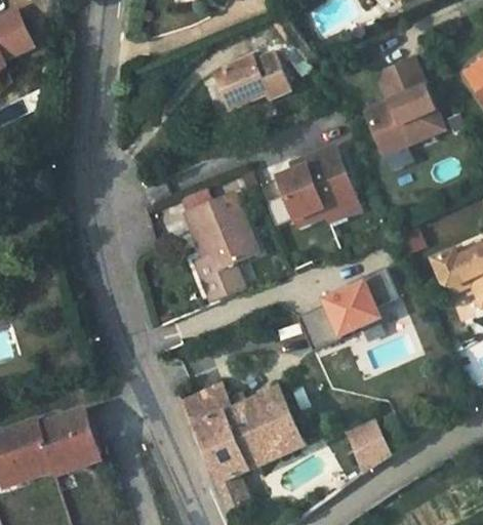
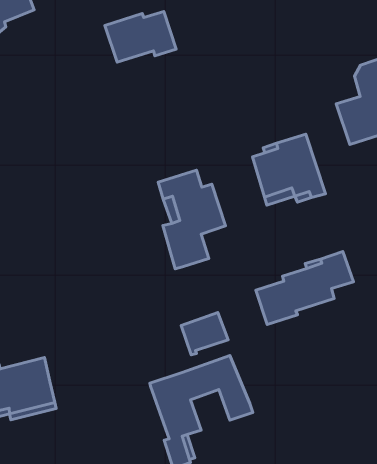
building: [215,50,292,108] -> [105,12,176,62]
building: [177,381,228,429] -> [181,312,228,355]
building: [349,420,392,472] -> none
building: [239,423,282,468] -> none

